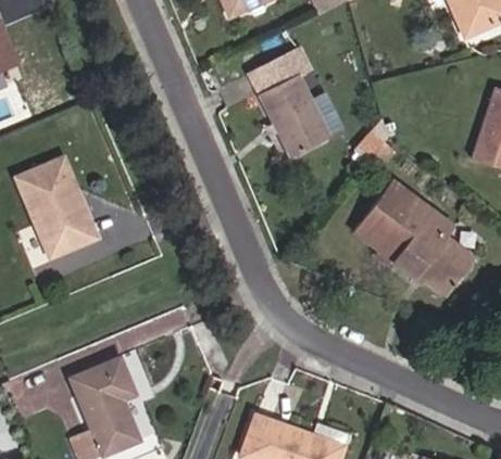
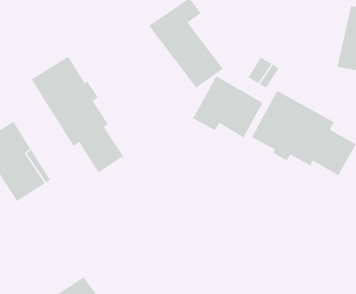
building: none -> [31,56,124,173]
building: none -> [193,76,263,139]

